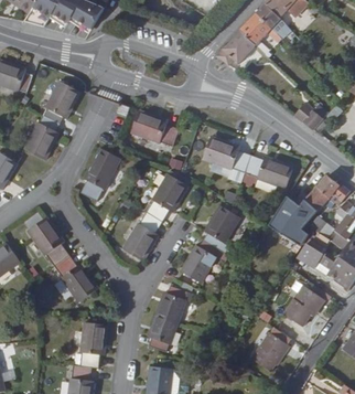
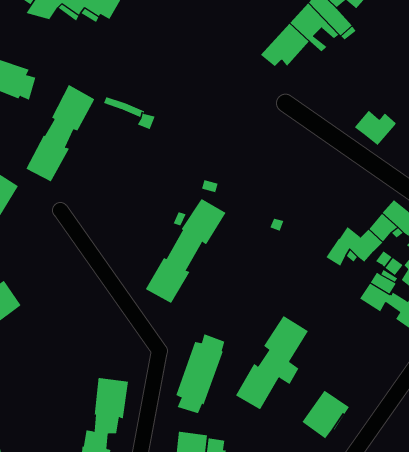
building: [130,109,179,146] -> none
building: [202,135,293,189] -> none
building: [80,146,121,201] -> none
building: [180,204,240,283] -> [235,315,309,410]
building: [23,212,98,302] -> none
building: [283,284,325,327] -> none

